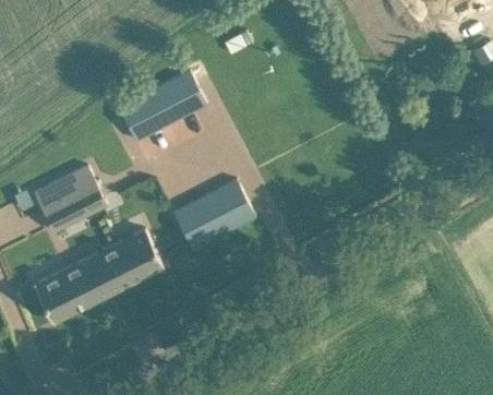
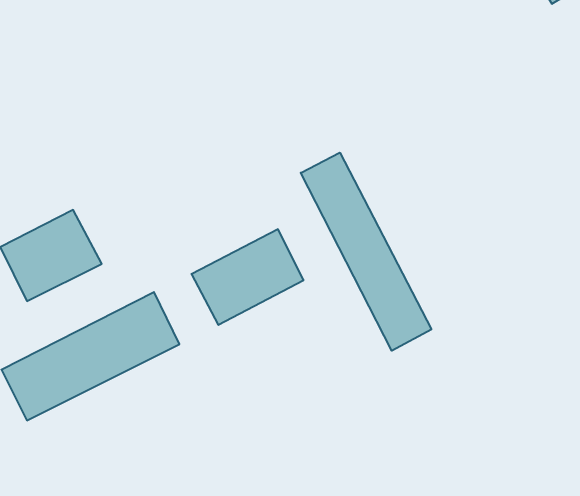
building: [119,72,207,142] -> none
building: none -> [301,153,431,351]

